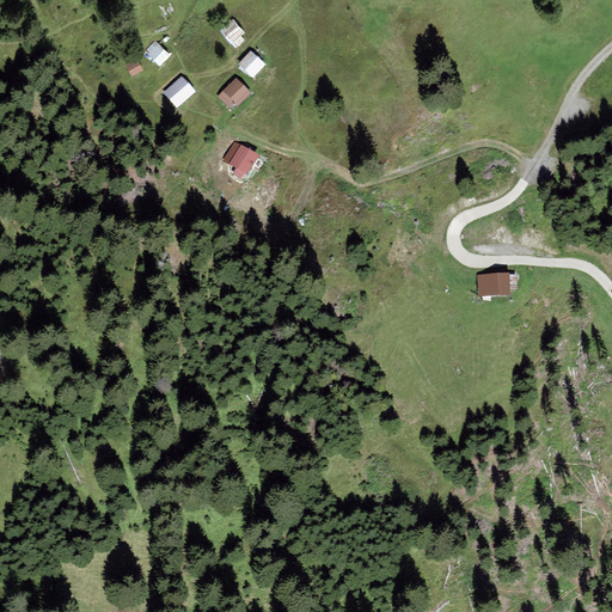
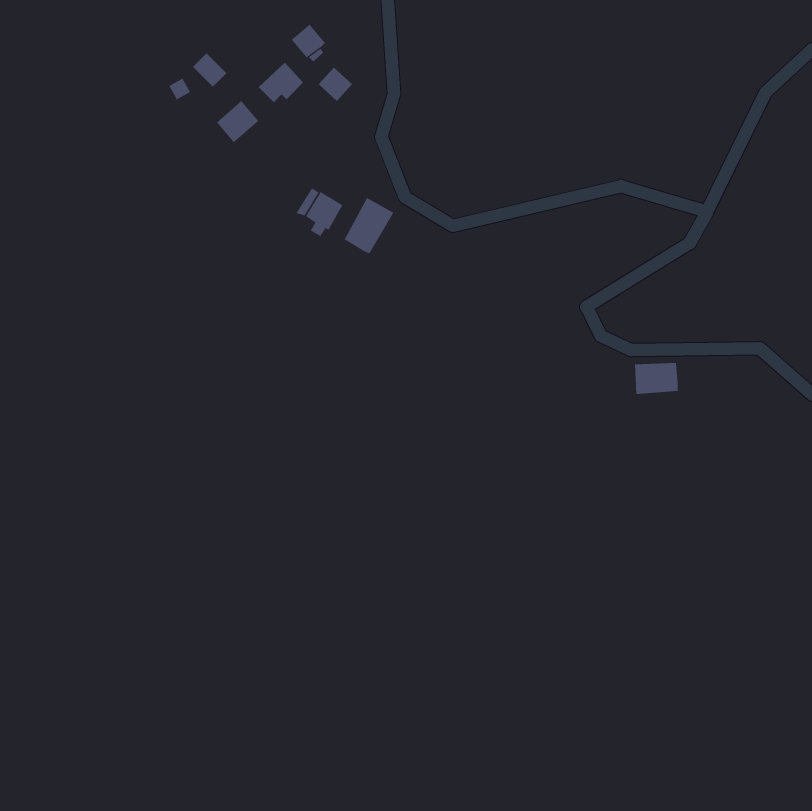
building: [216,76,251,108] -> [258,62,304,103]
building: none -> [344,197,394,254]

